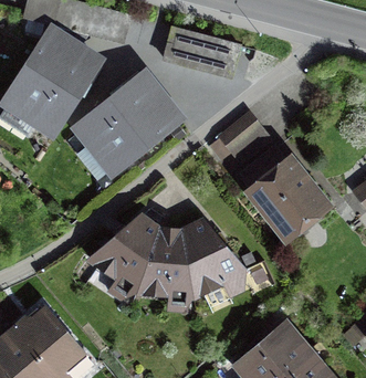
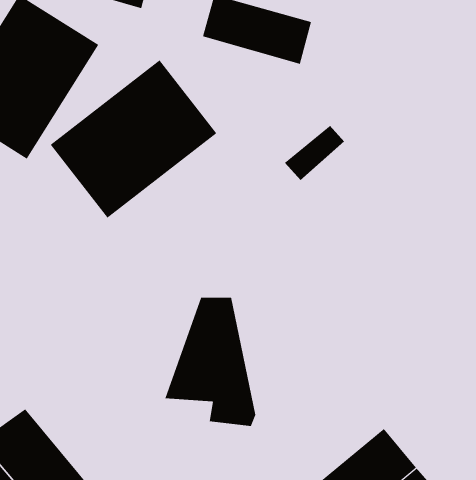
building: [237,139,326,232] -> none
building: [90,216,163,309] -> none
building: [184,221,248,308] -> none

